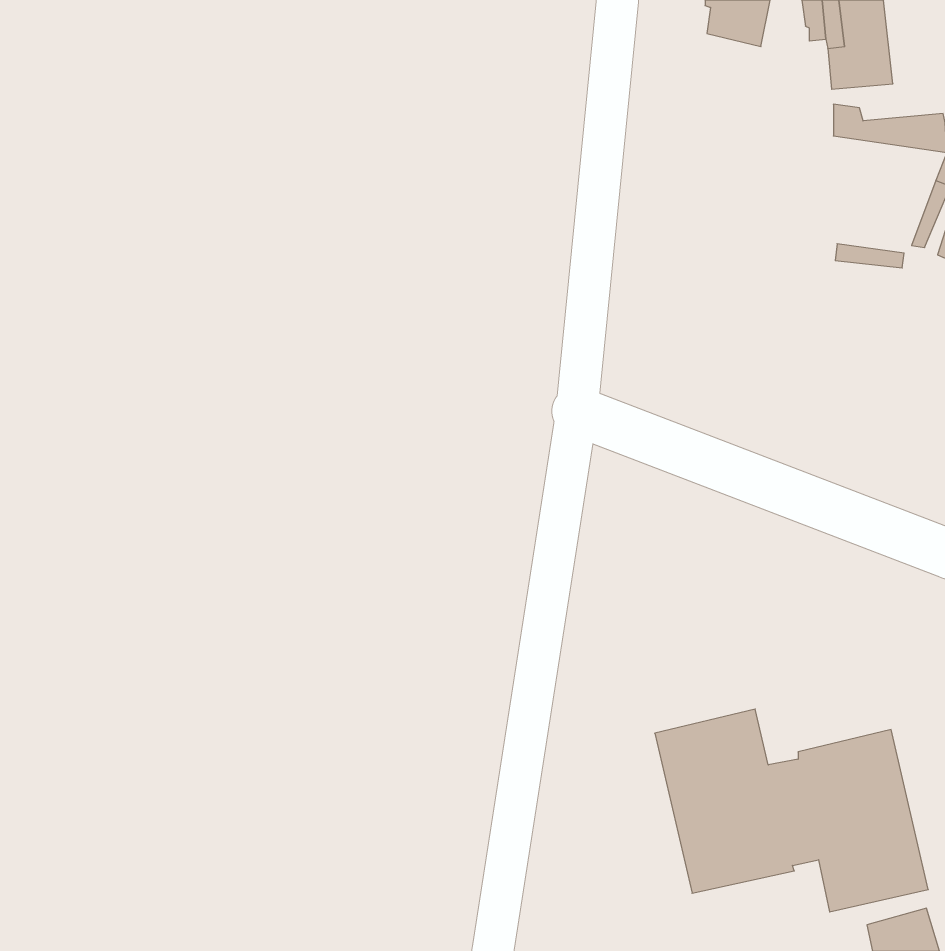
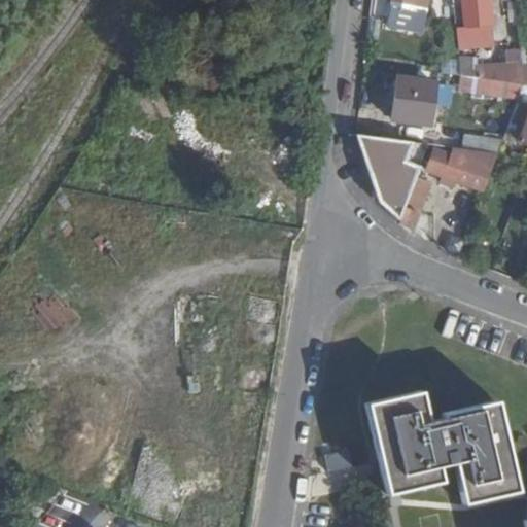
building: none -> [395,77,438,122]
building: none -> [360,135,430,231]
building: none -> [429,147,500,189]

